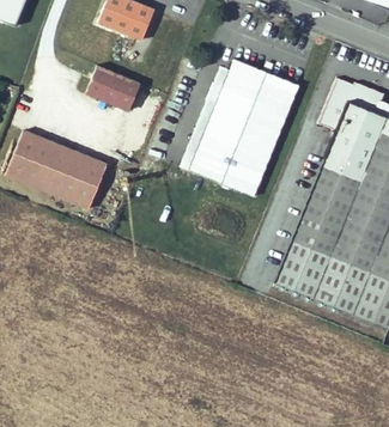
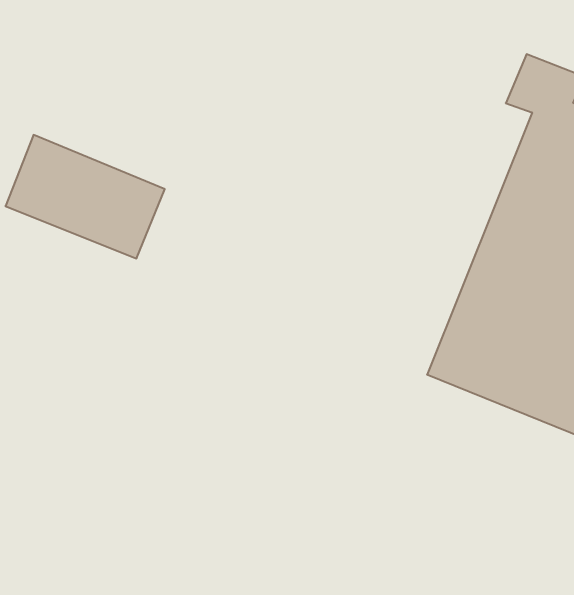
building: [189,60,299,199] -> none
building: [87,66,141,111] -> none

